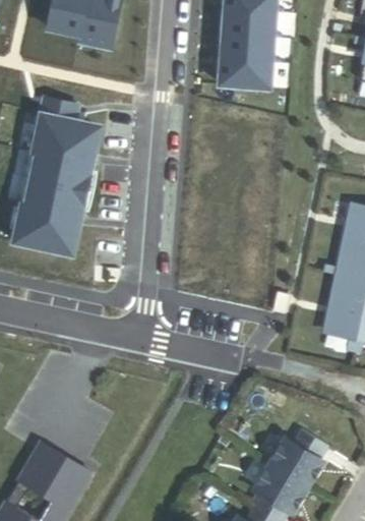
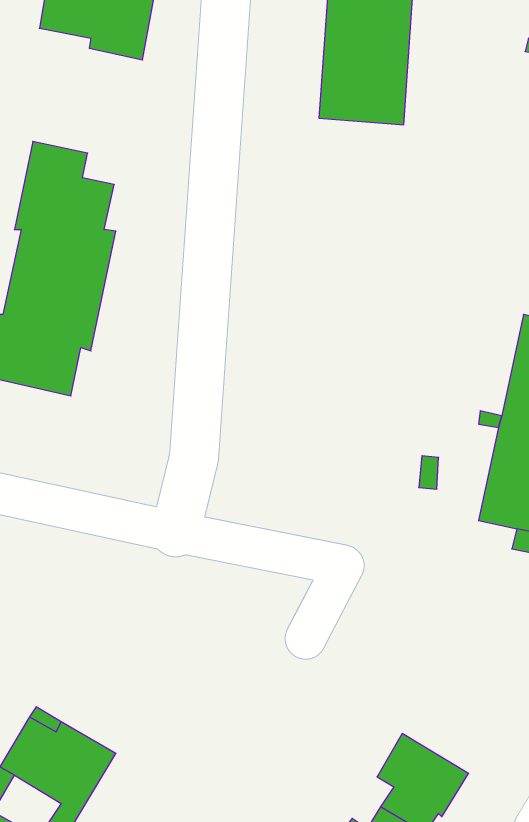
building: [271,428,333,486] -> none

